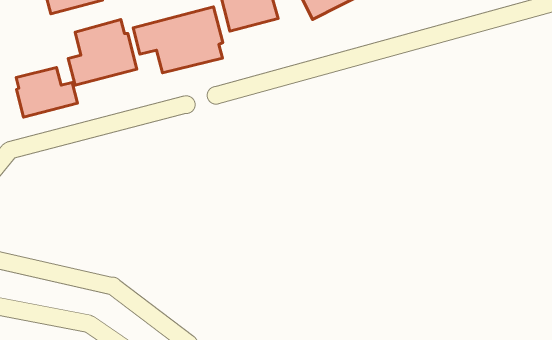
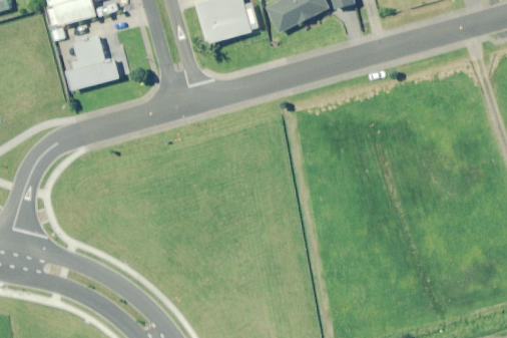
building: [133,7,223,73] -> none
building: [16,67,78,117] -> none

